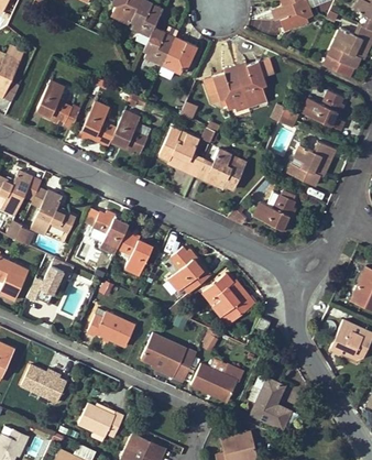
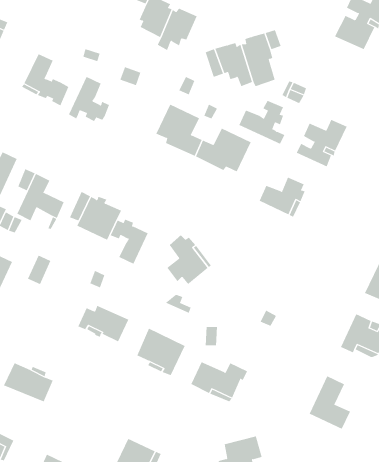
building: [302,89,344,130] -> [238,100,285,144]
building: [112,110,151,153] -> none
building: [203,273,254,324] -> none
building: [251,379,289,428] -> [309,376,351,430]
building: [77,403,123,436] -> none

